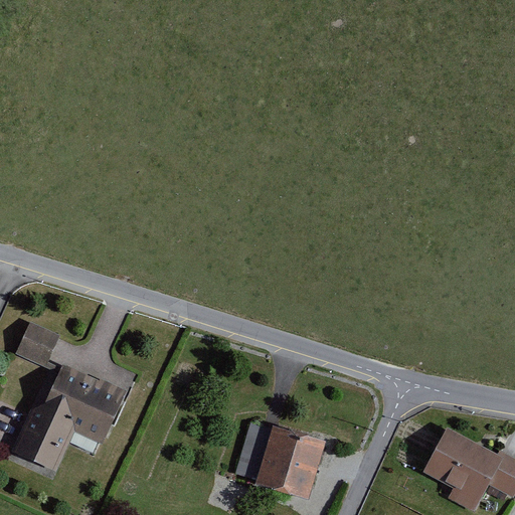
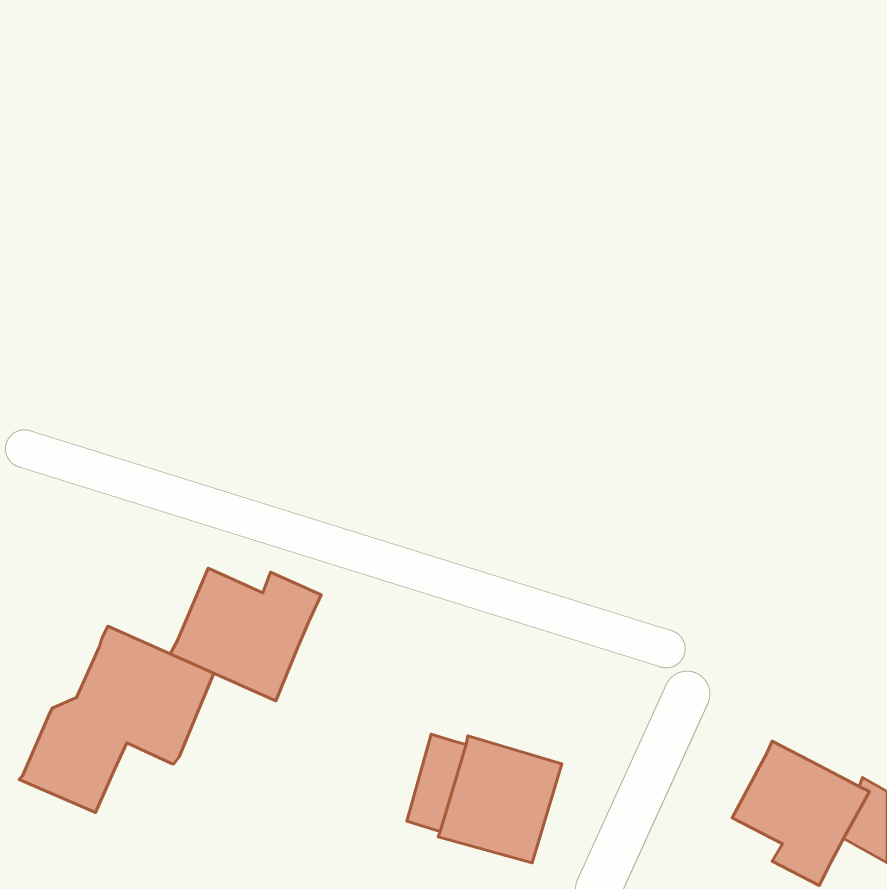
building: [14,322,59,374] -> none
building: none -> [170,568,321,701]

